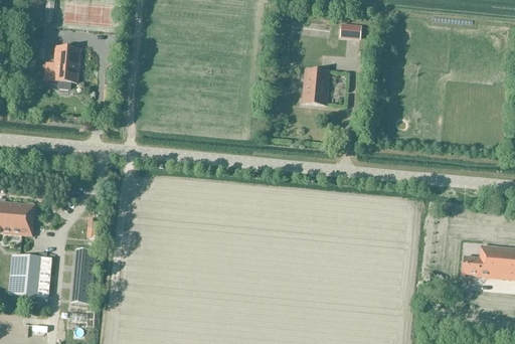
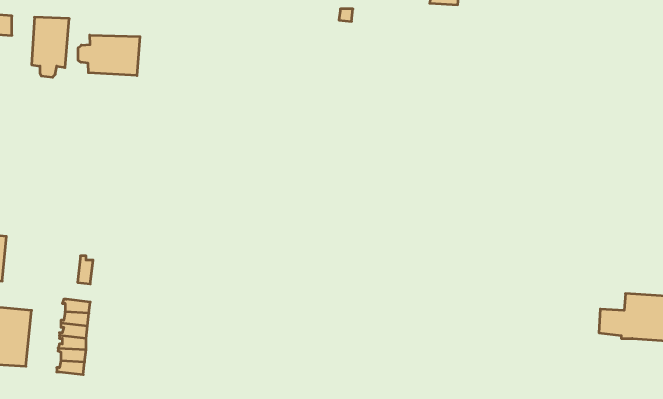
building: none -> [78,35,140,76]
building: [302,67,329,105] -> none

